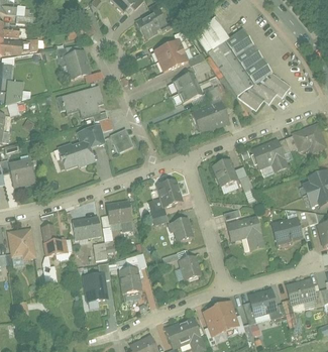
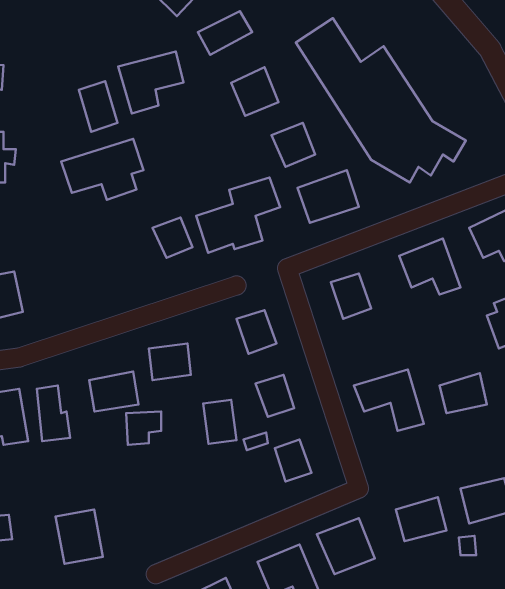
building: none -> [118,51,184,114]
building: [57,124,105,167] -> [196,177,280,253]
building: [82,267,109,299] -> [56,510,103,564]
building: [119,268,138,294] -> [203,400,237,444]

